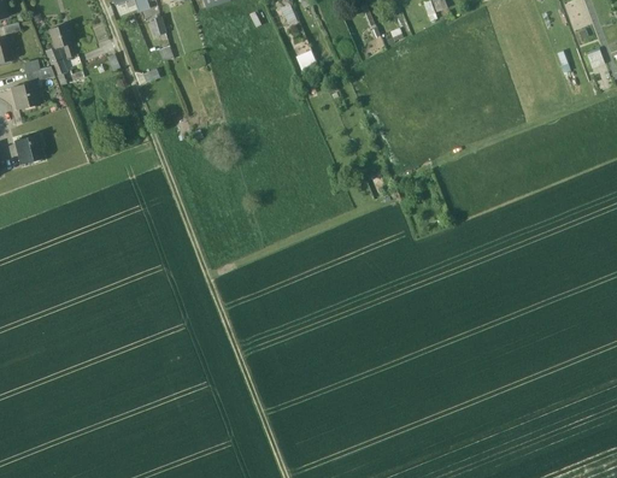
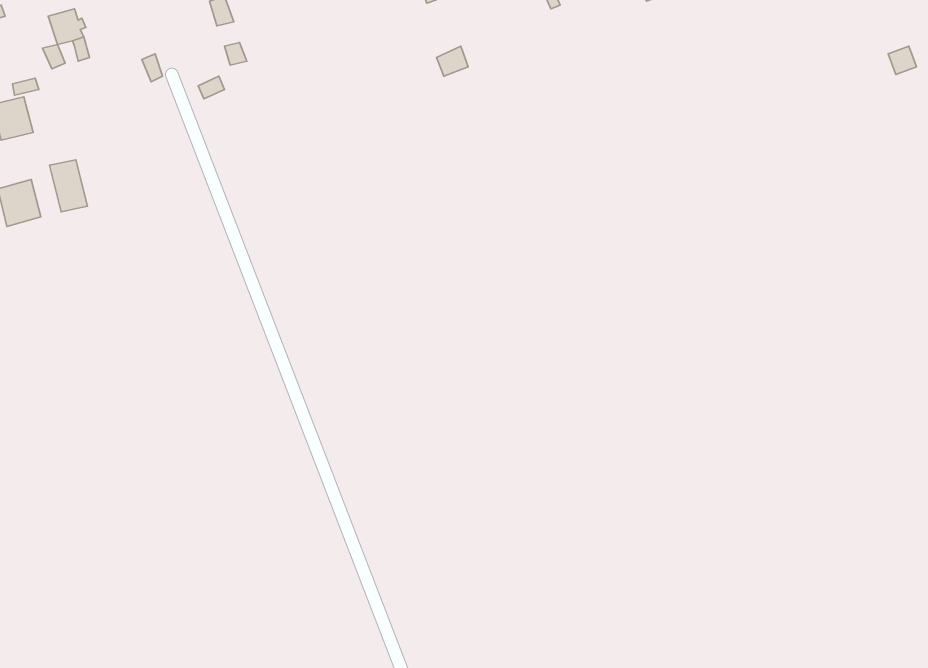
building: none -> [50,160,87,212]

